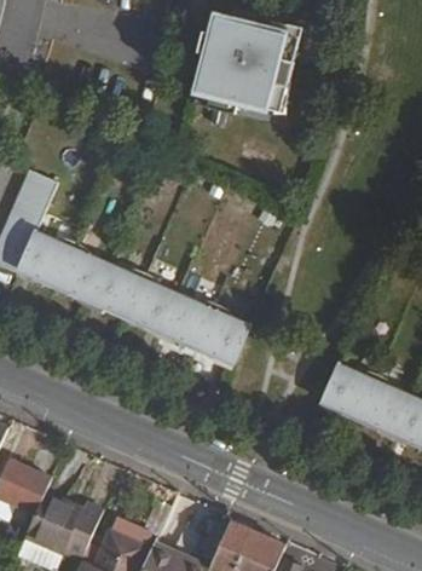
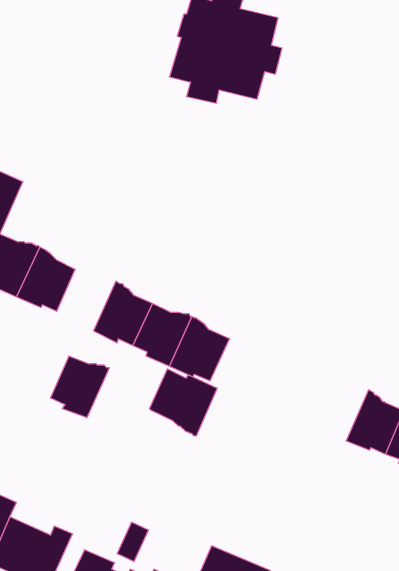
building: [88,265,143,322] -> [50,356,109,418]
building: none -> [150,369,217,436]
building: [319,364,376,423] -> none

